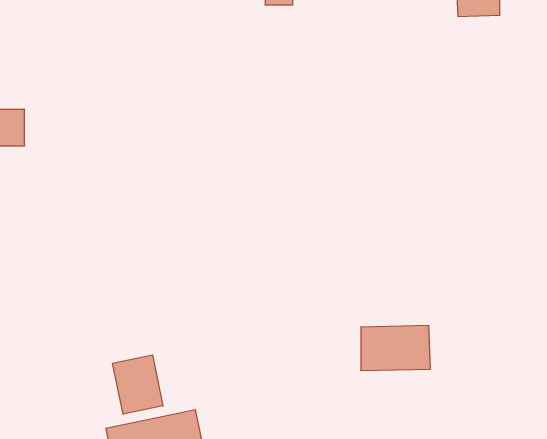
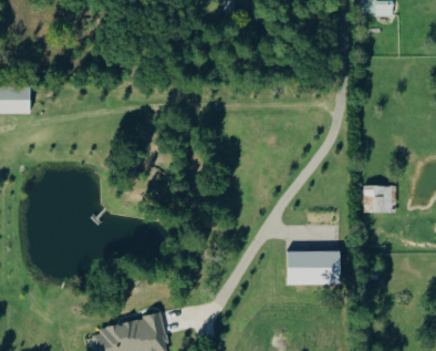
building: none -> [363,185,396,213]
building: [113,355,163,414] -> none

